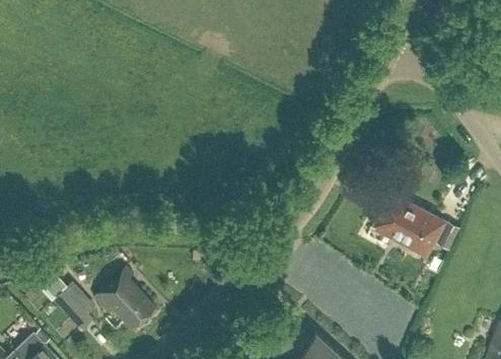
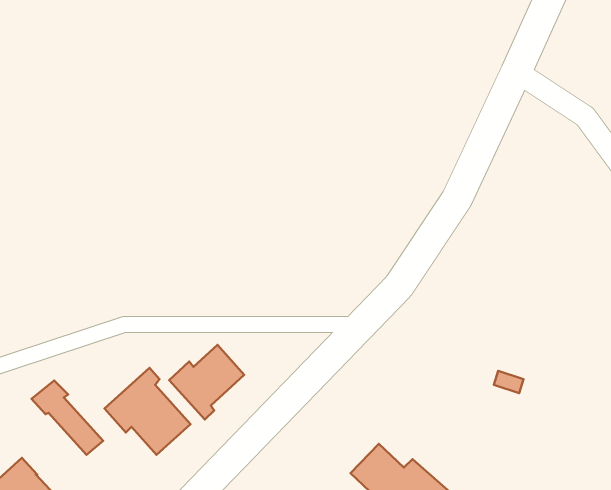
building: [373,193,446,257] -> none
building: none -> [169,345,244,419]

